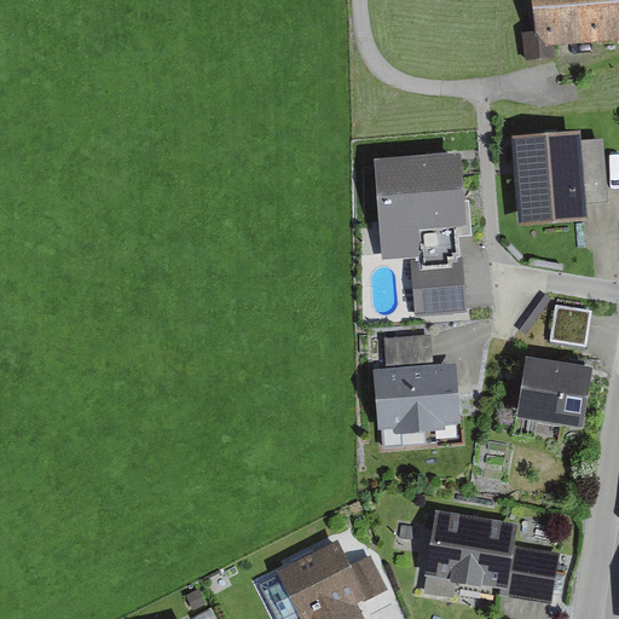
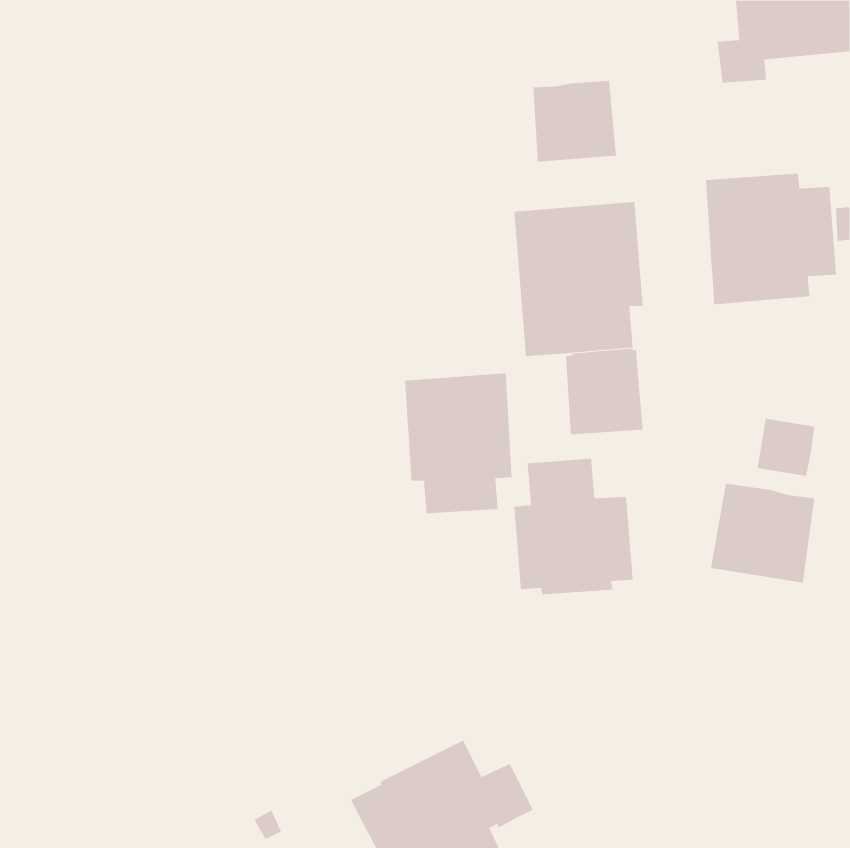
building: none -> [533,80,617,163]
building: none -> [404,373,512,514]
building: [422,509,561,606] -> none

